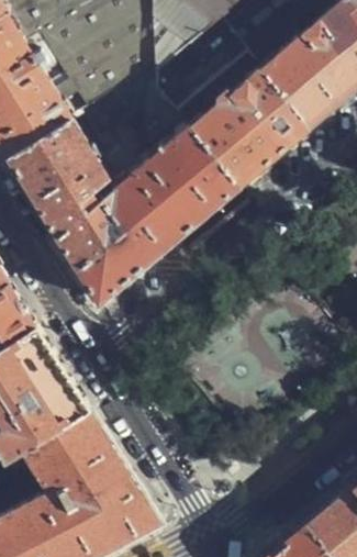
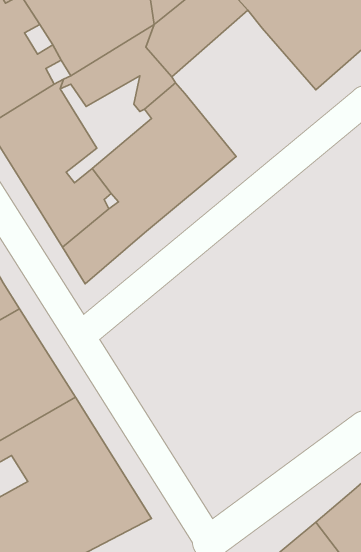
building: [190,69,311,188] -> none

